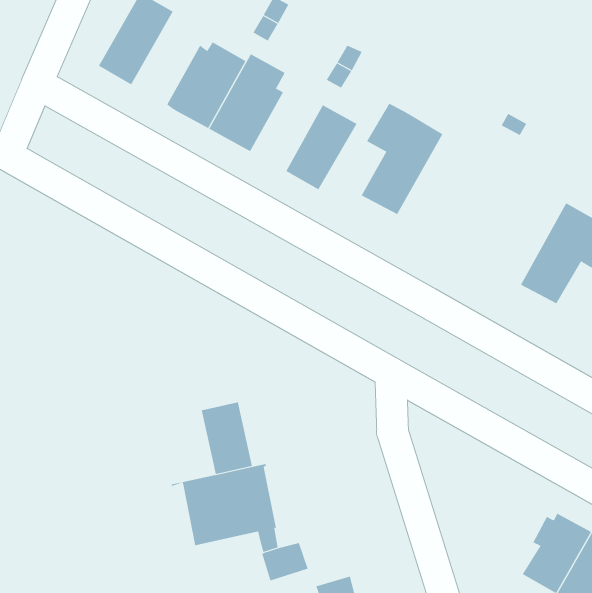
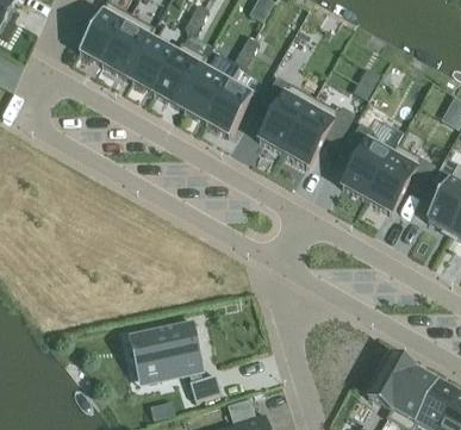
building: none -> [102,14,155,77]
building: none -> [183,64,232,123]
building: none -> [284,98,356,167]
building: none -> [342,123,398,200]
building: [201,402,252,475] -> none

